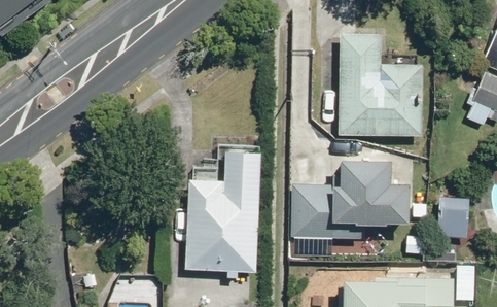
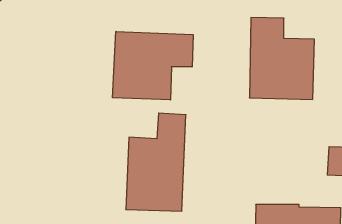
building: none -> [113,31,193,100]
building: [293,145,421,241] -> none

